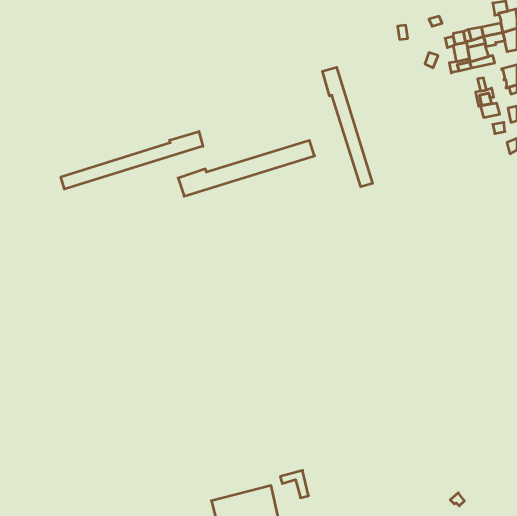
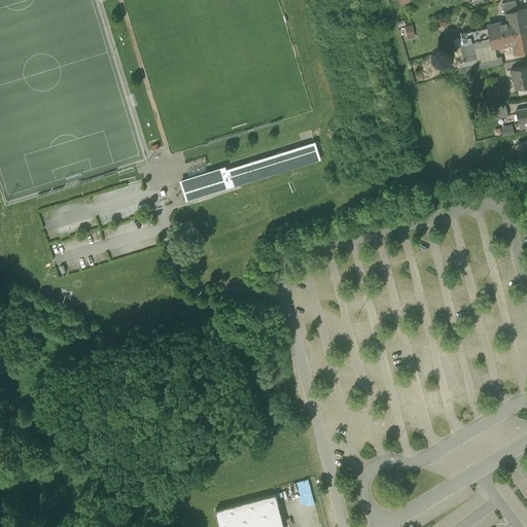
building: [322,67,373,187] -> none
building: [61,131,203,189] -> none

